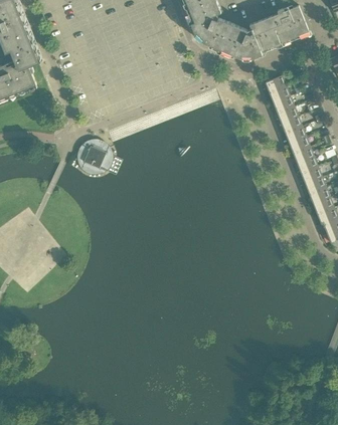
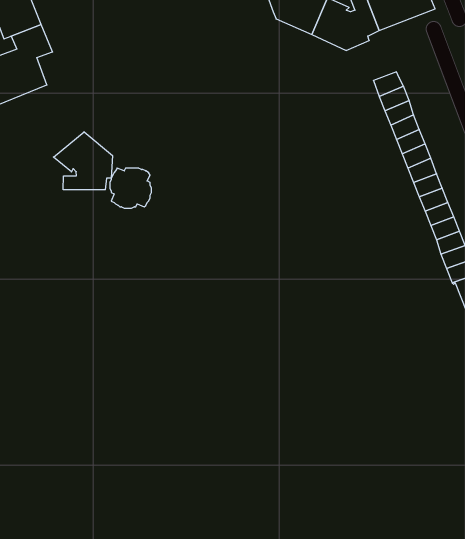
building: none -> [53,132,113,190]

